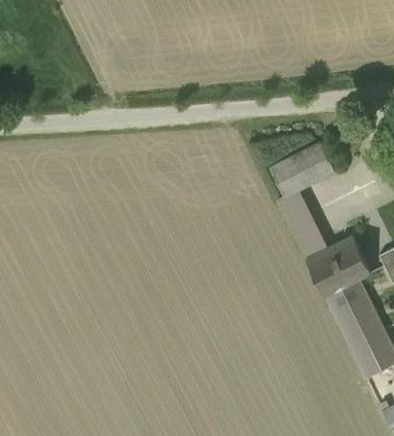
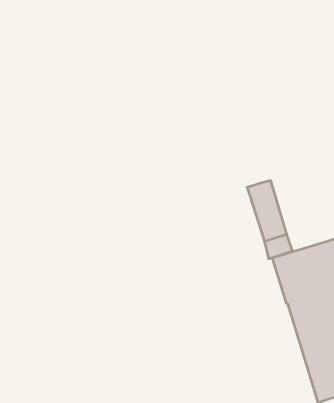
building: [271,143,335,197] -> none

